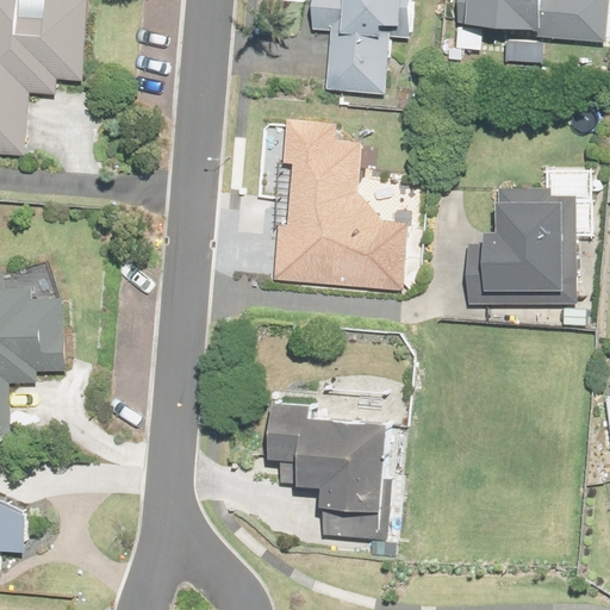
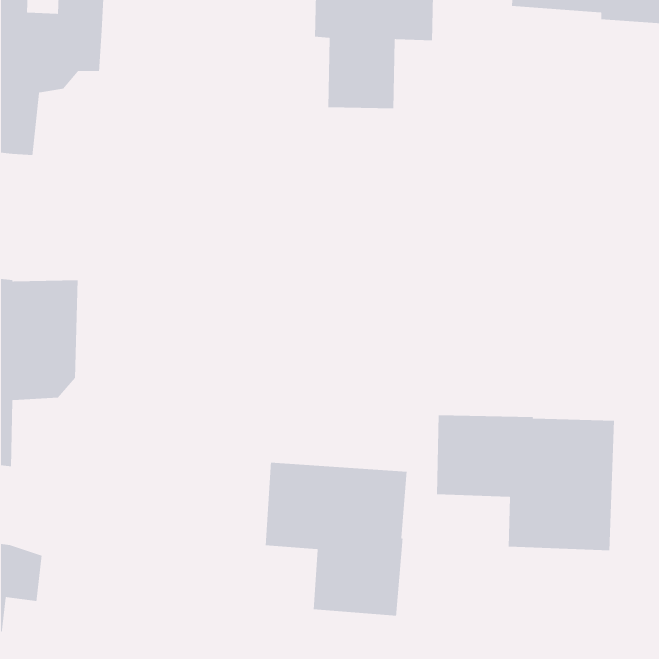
building: [261,120,405,297] -> none
building: [461,200,562,303] -> none
building: none -> [436,414,615,551]

